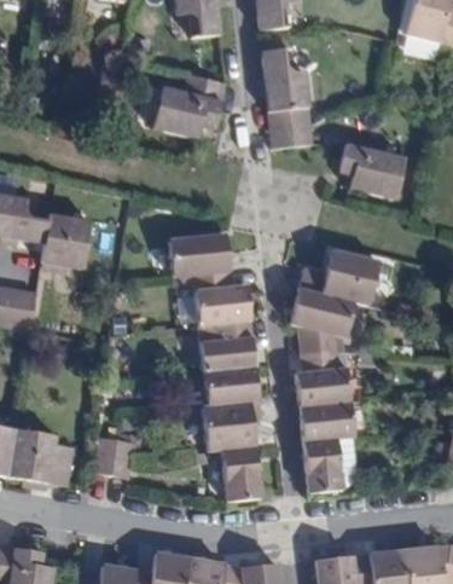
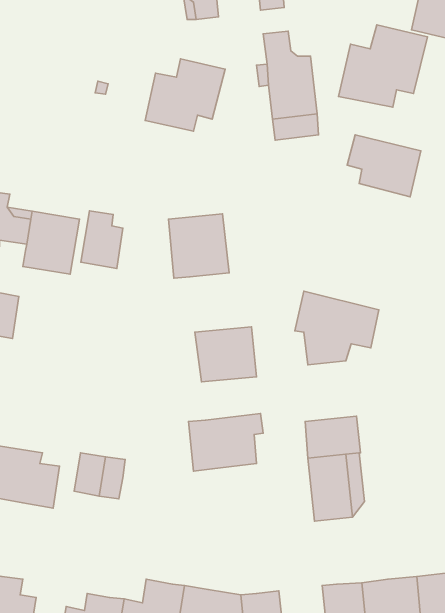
building: none -> [338,25,427,107]
building: none -> [81,211,123,269]
building: [300,242,382,303] -> none
building: [194,270,251,324] -> none
building: [297,351,348,406] -> none
building: [205,365,260,405] -> none
building: [215,445,262,508] -> none

